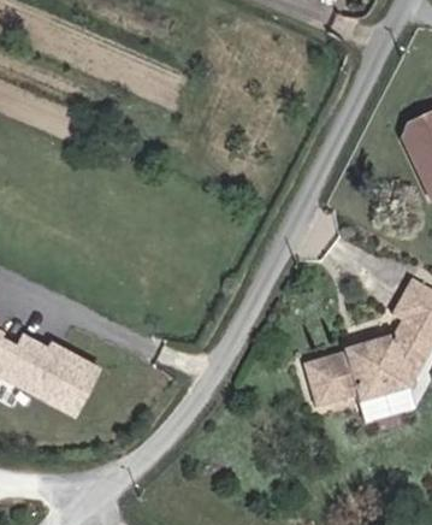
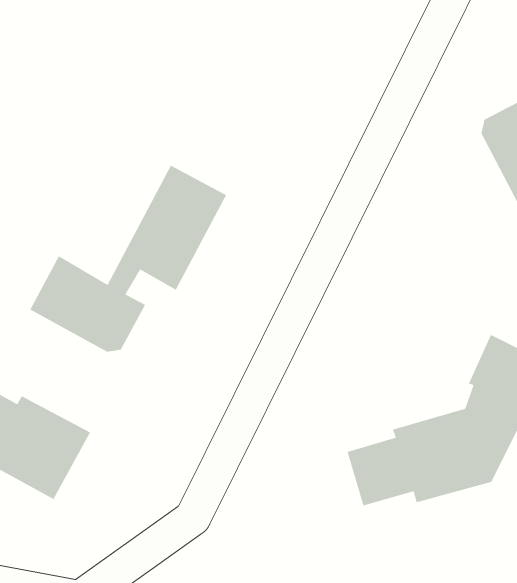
building: none -> [29,164,227,352]

